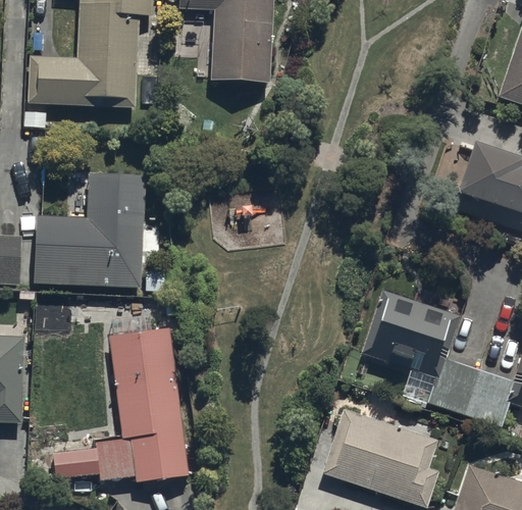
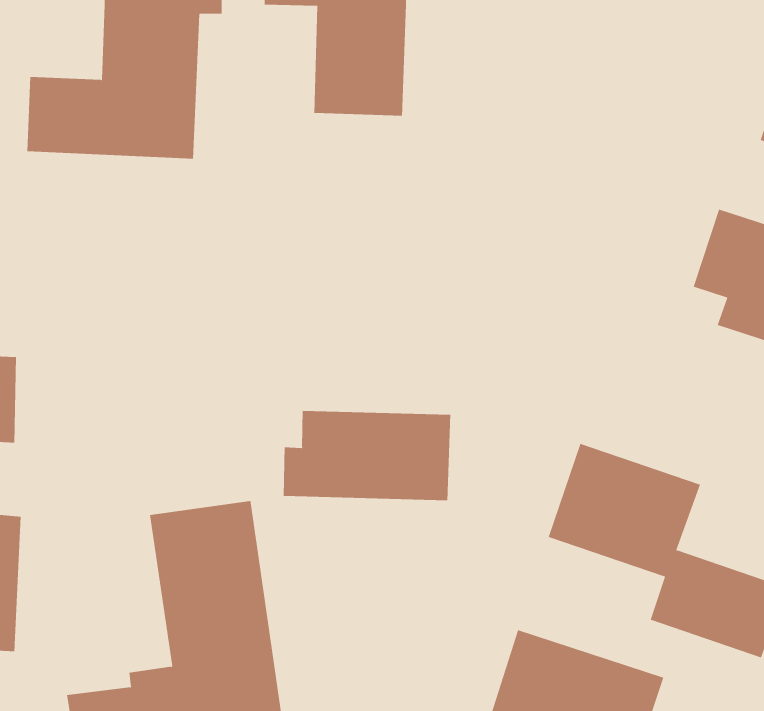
building: [36,172,173,291] -> none
building: none -> [283,410,451,501]

